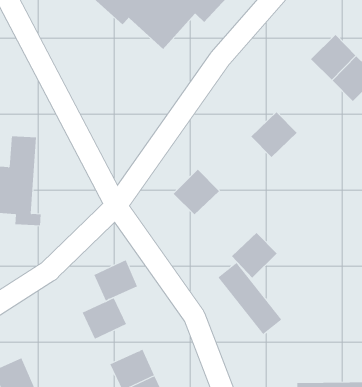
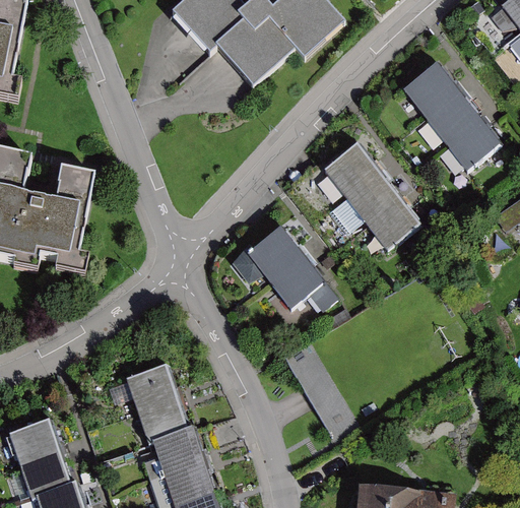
building: none -> [401,62,455,115]
building: none -> [322,142,377,196]
building: none -> [365,198,419,251]
building: [231,232,277,278] -> [268,255,322,308]
building: [94,260,138,302] -> [136,396,186,442]

